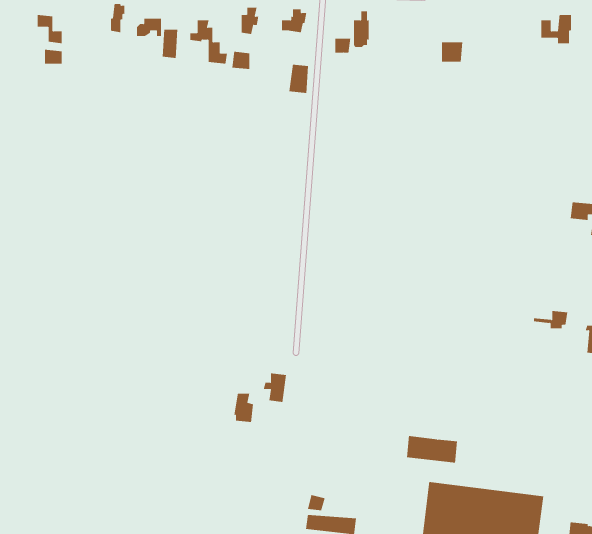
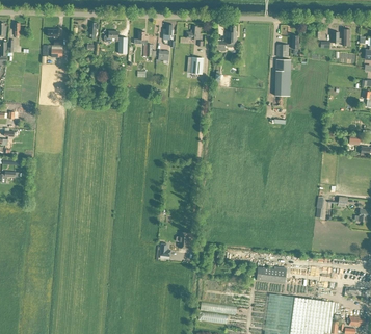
building: none -> [274,58,290,95]

